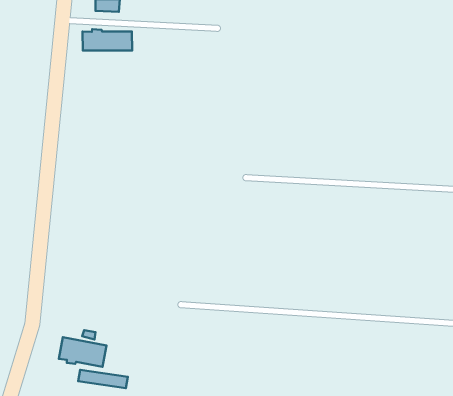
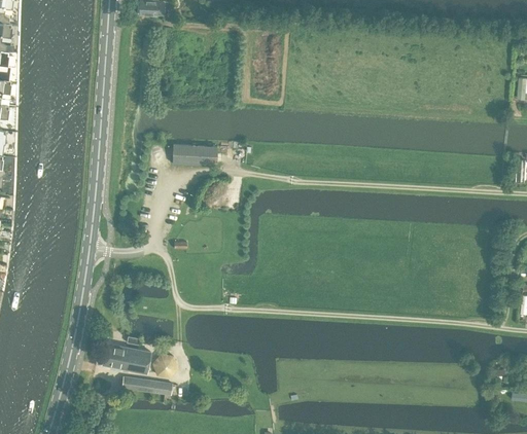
building: [83,29,132,51] -> none
building: none -> [171,144,216,166]

